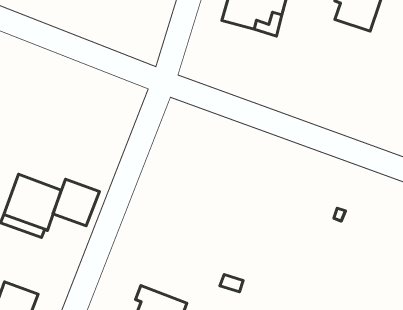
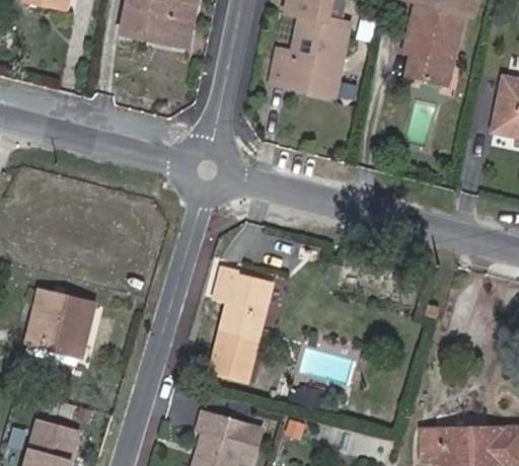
building: none -> [209,266,272,383]
building: [53,179,99,226] -> none

